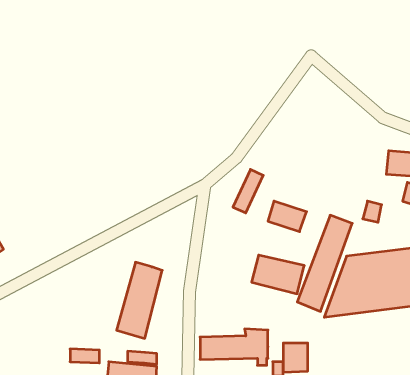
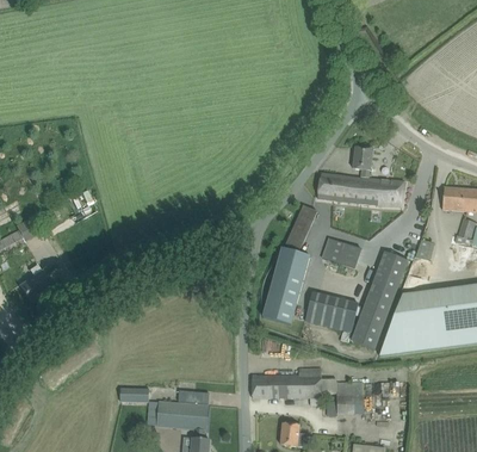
building: none -> [317,147,404,209]
building: [117,262,162,338] -> [261,247,308,324]

